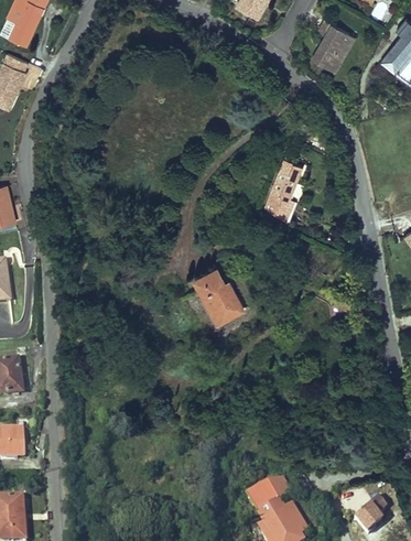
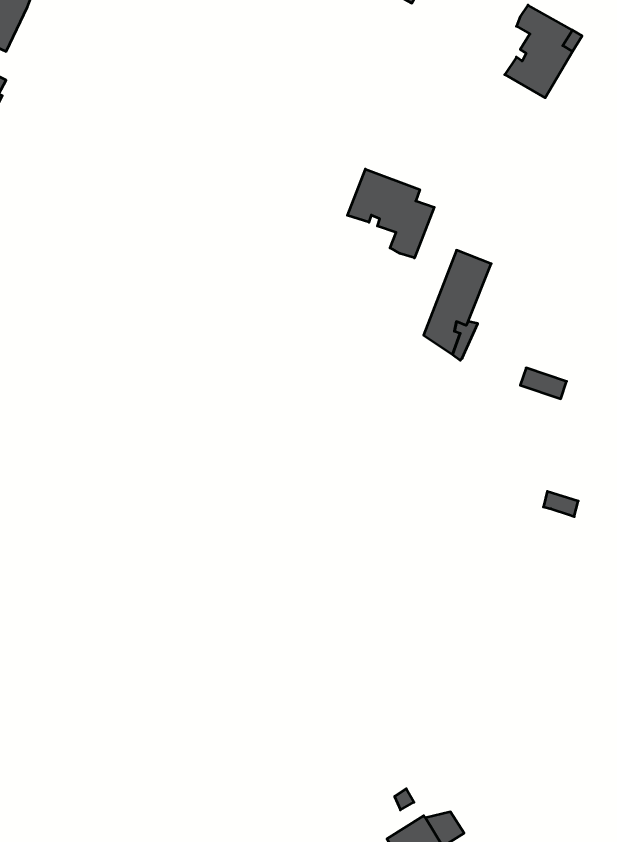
building: none -> [347,169,434,258]
building: [196,271,244,324] -> none

